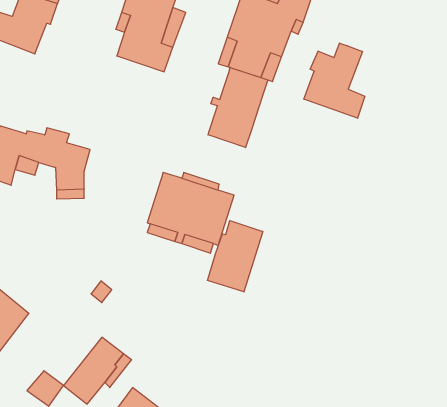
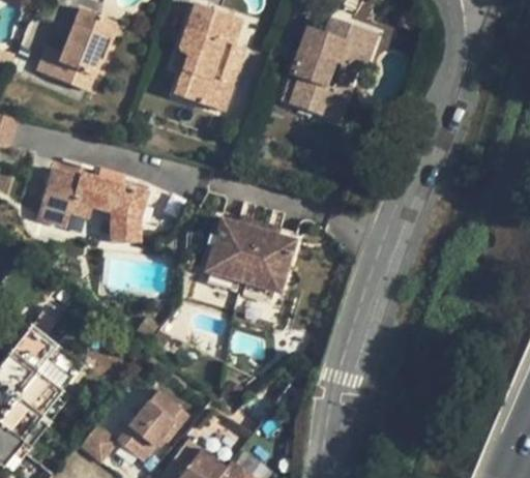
building: [304,43,365,118] -> none
building: [208,67,268,148] -> none
building: [208,221,263,292] -> none

